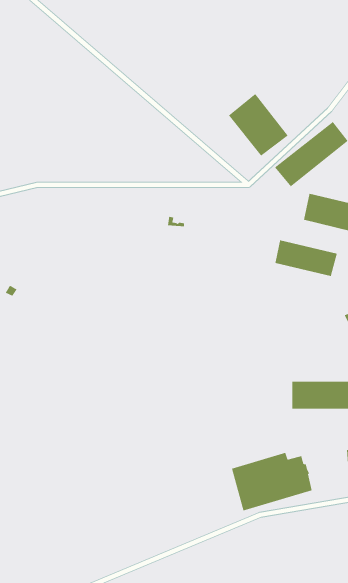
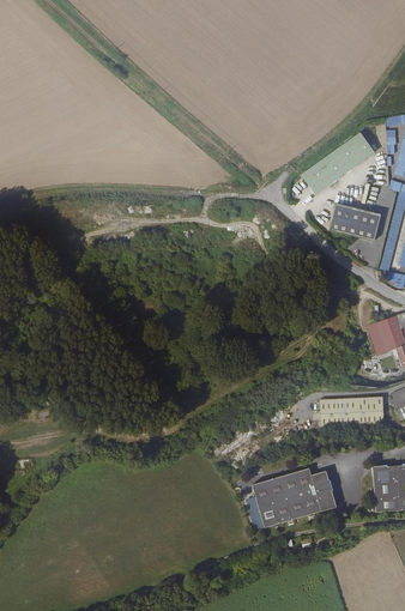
building: [228,93,289,157] -> none
building: [275,239,338,277] -> none

